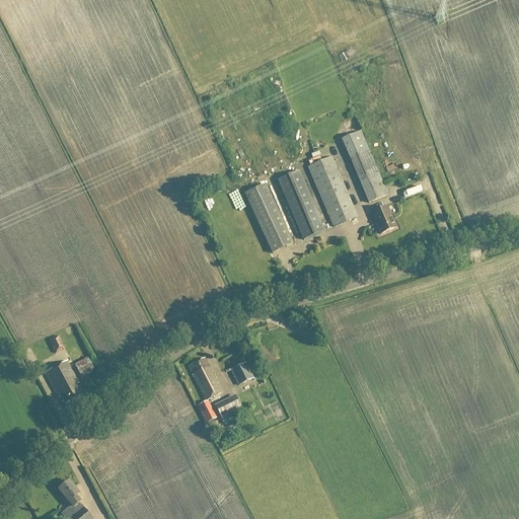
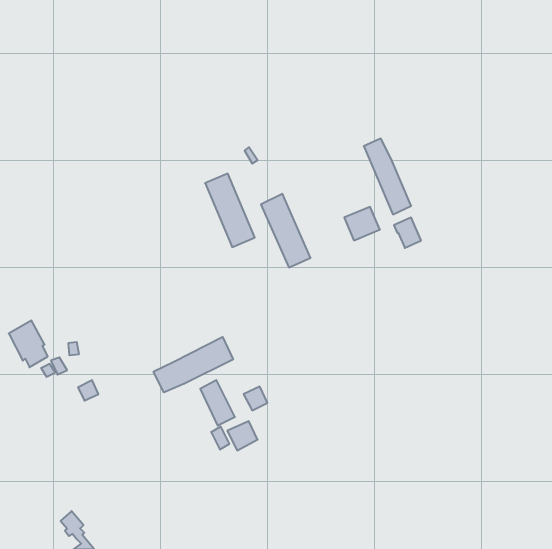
building: [310,161,345,196] -> none
building: [278,168,324,237] -> [205,174,255,247]
building: none -> [154,337,233,392]
building: [45,359,81,402] -> [9,321,48,367]

